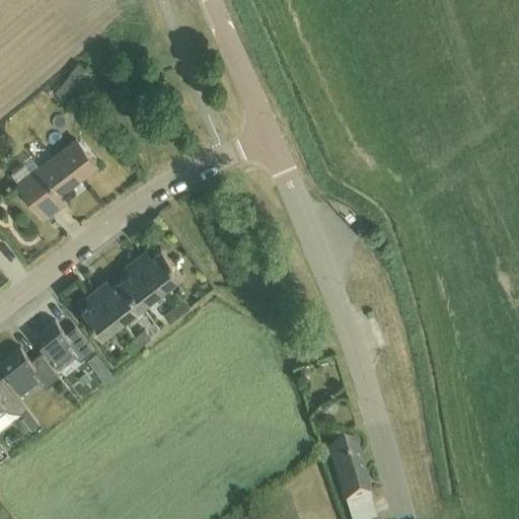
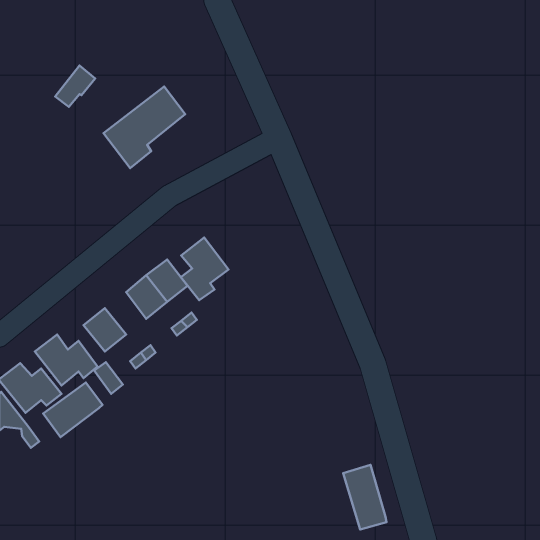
building: [17,141,95,219] -> [104,87,185,168]
building: none -> [181,238,228,300]
building: [100,281,140,321] -> none
building: none -> [43,382,103,437]

